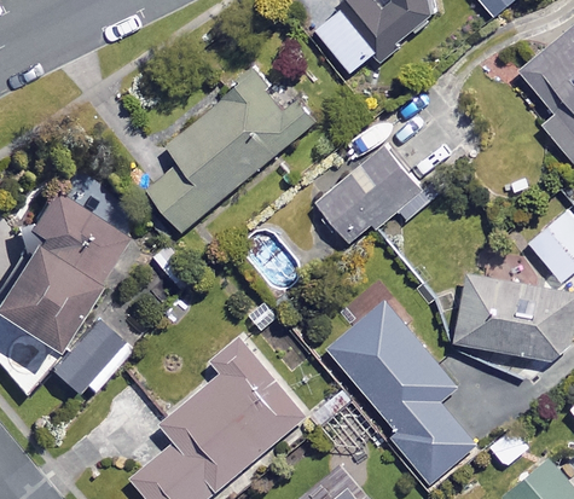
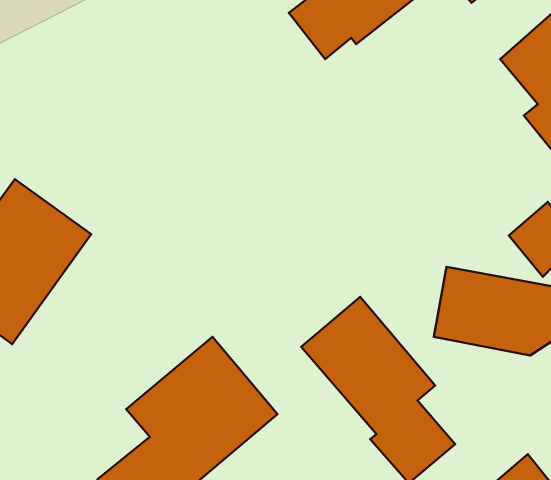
building: [146,65,319,232] -> none
building: [318,147,424,245] -> none
building: [47,320,132,399] -> none

